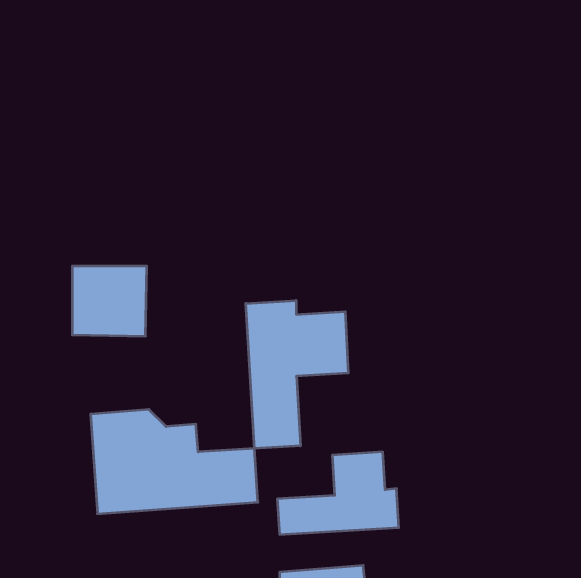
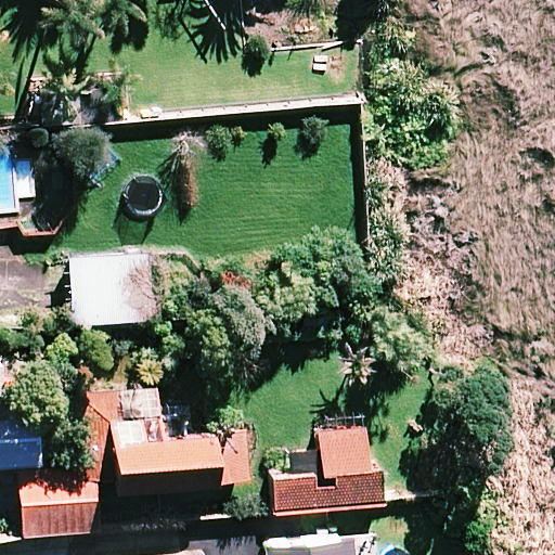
building: [246,300,348,448] -> none
building: none -> [18,475,99,540]

